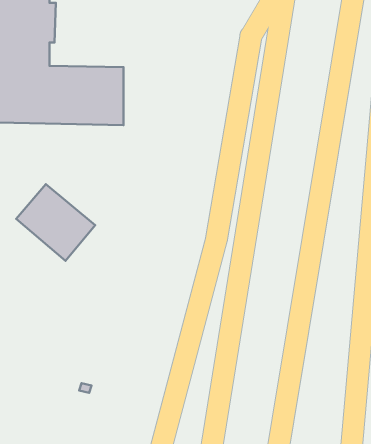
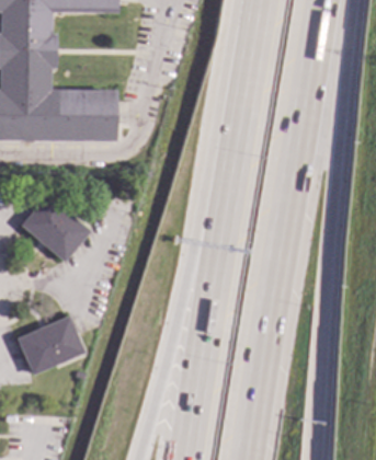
building: none -> [16,314,86,375]

